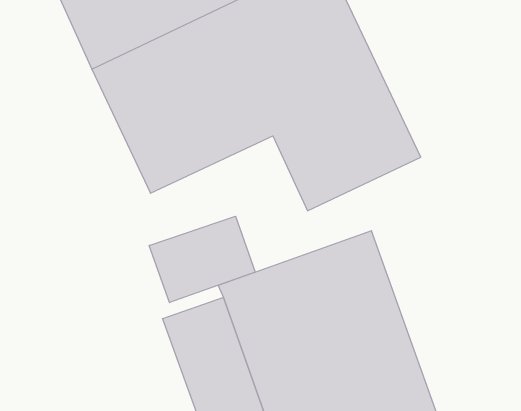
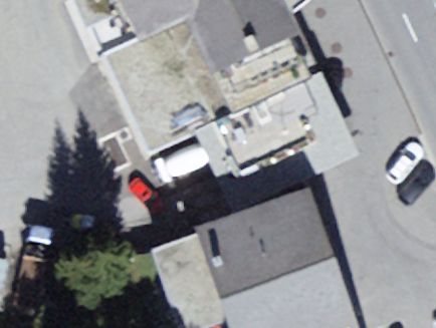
building: [149,216,255,303] -> none

